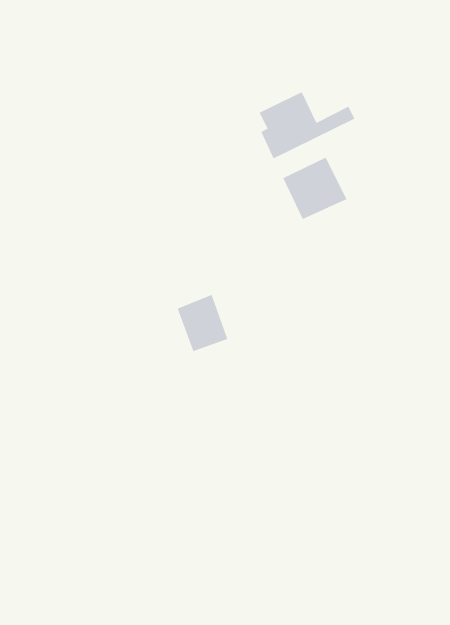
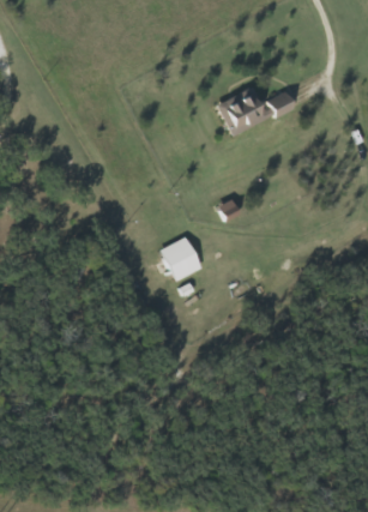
building: [283,157,347,220] -> none

